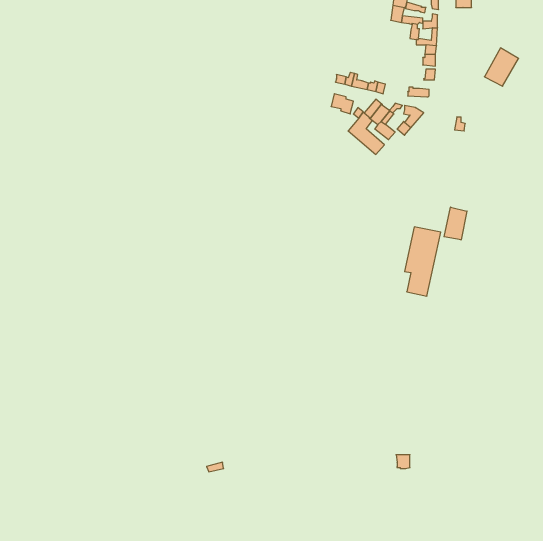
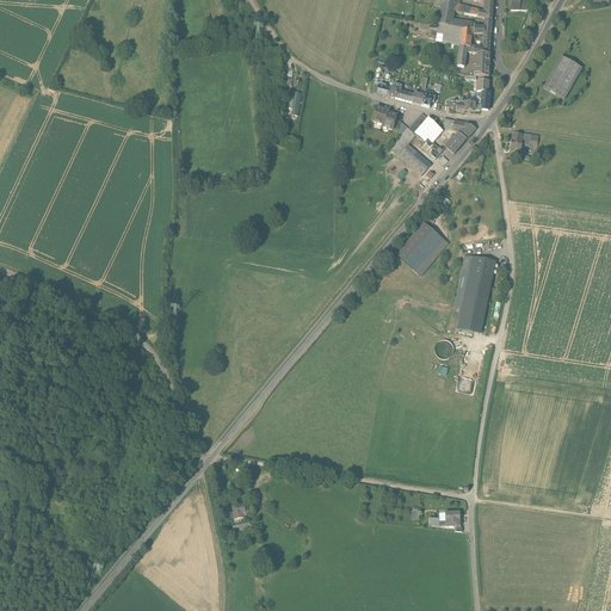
building: none -> [397,220,449,274]
building: [444,207,467,240] -> none

